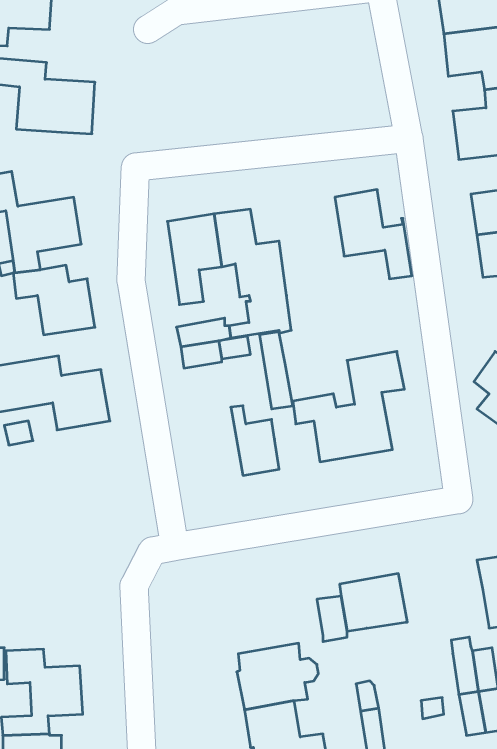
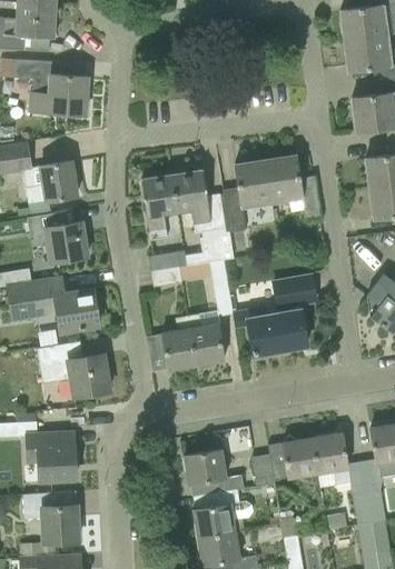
building: none -> [223,161,271,233]
building: none -> [148,316,197,372]
building: none -> [37,343,110,397]
building: none -> [27,433,76,481]
building: none -> [312,433,350,486]
building: none -> [184,449,244,497]

